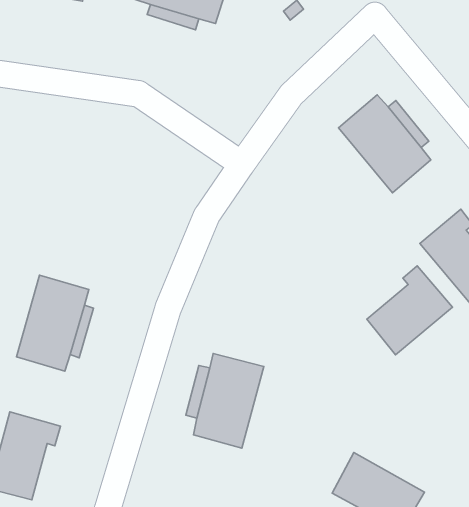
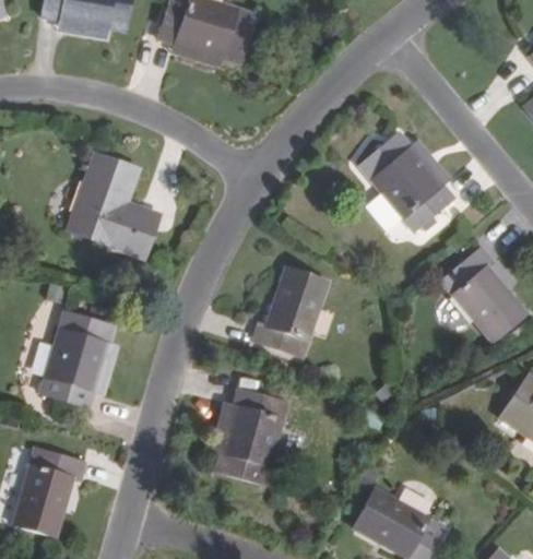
building: none -> [68,154,157,255]
building: none -> [253,266,328,356]
building: [367,266,452,355] -> none

